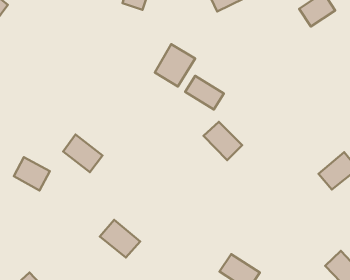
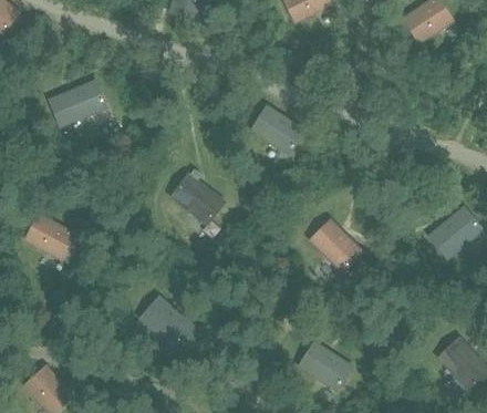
building: [155,44,195,87] -> none
building: none -> [49,81,105,126]
building: [204,122,242,160] -> [310,220,361,271]
building: [63,135,102,172] -> [170,174,222,224]

